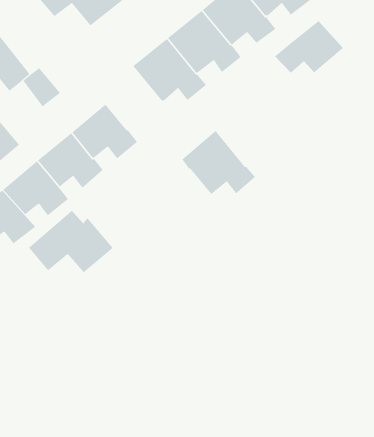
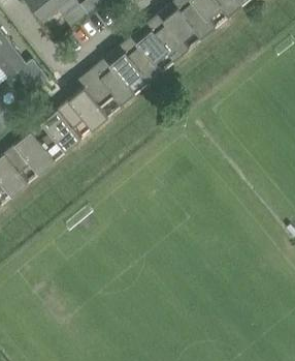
building: [274,20,344,74] -> none
building: [181,130,256,194] -> [77,58,135,108]
building: [28,210,114,273] -> none

